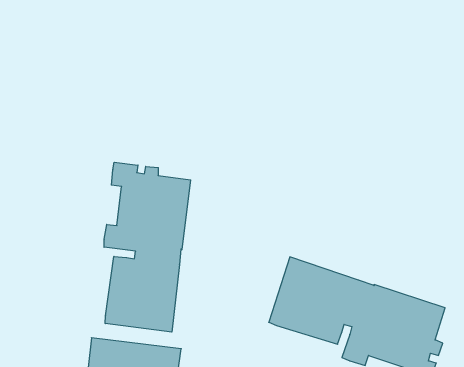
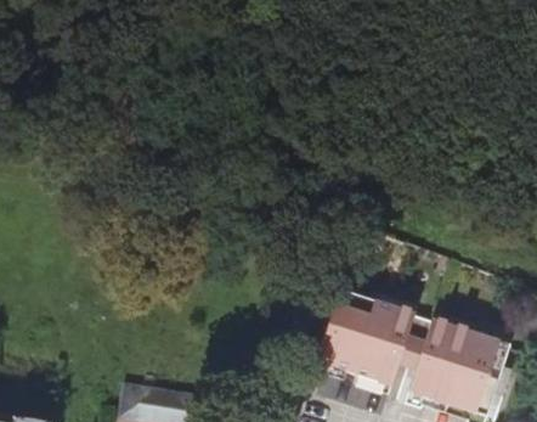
building: [104,162,191,332] -> none

